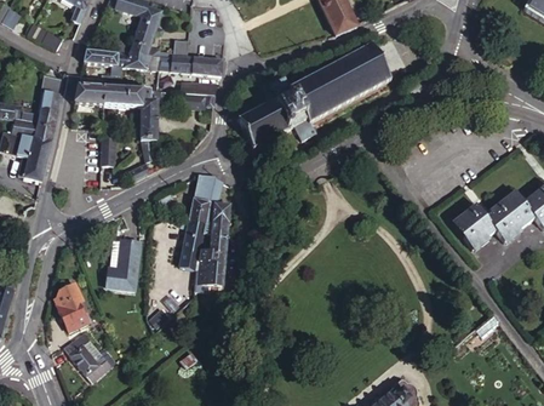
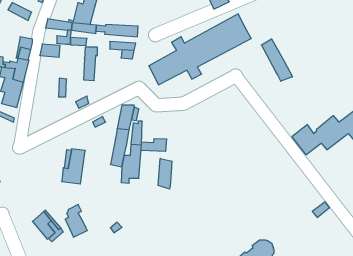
building: none -> [261,39,292,81]
building: [104,87,143,107] -> none
building: none -> [141,139,166,151]
building: none -> [158,158,172,189]
building: [57,284,90,332] -> [65,205,87,237]

